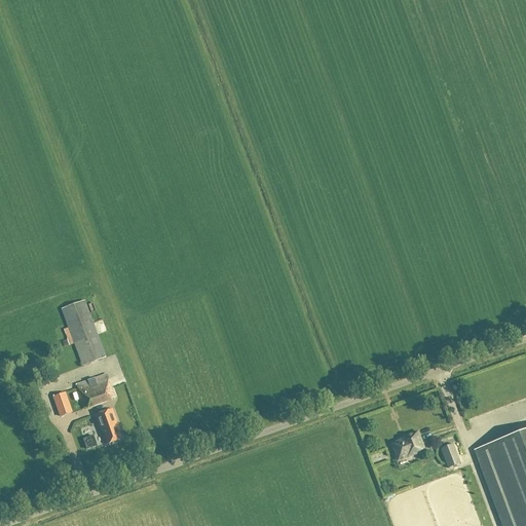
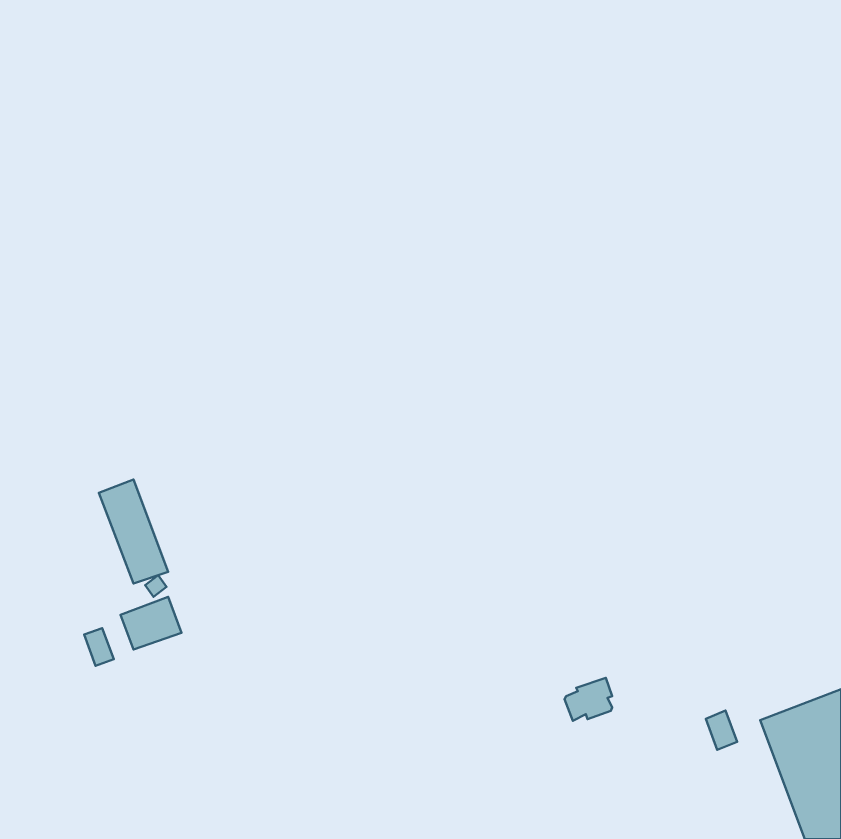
building: [95,408,120,442] -> none
building: [391,430,421,457] -> [564,678,612,721]

